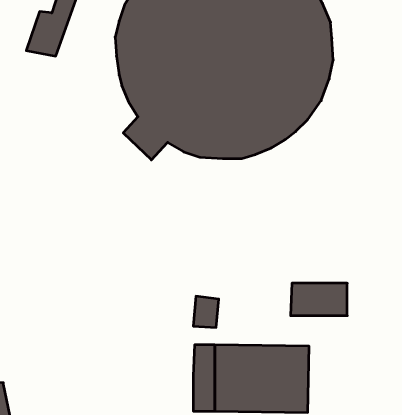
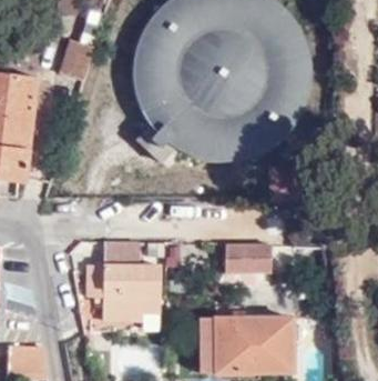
building: none -> [86,240,161,319]
building: [291,283,347,316] -> [224,244,270,271]

